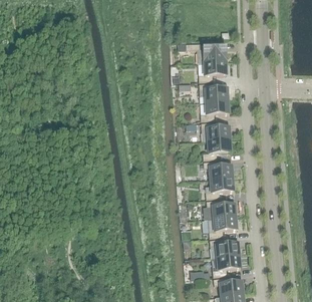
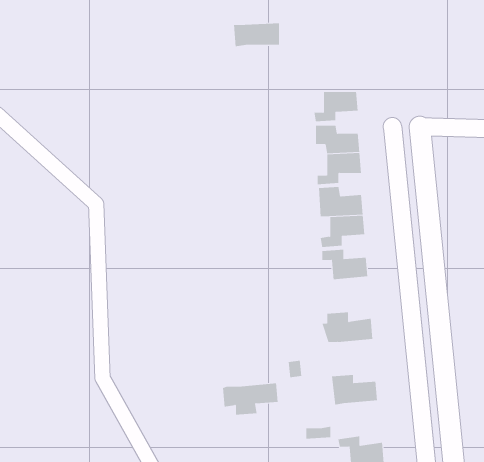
building: [196,47,225,62] -> [233,23,280,47]
building: [205,177,233,197] -> none
building: [201,216,236,236] -> [222,383,279,415]
building: [211,254,239,275] -> none

